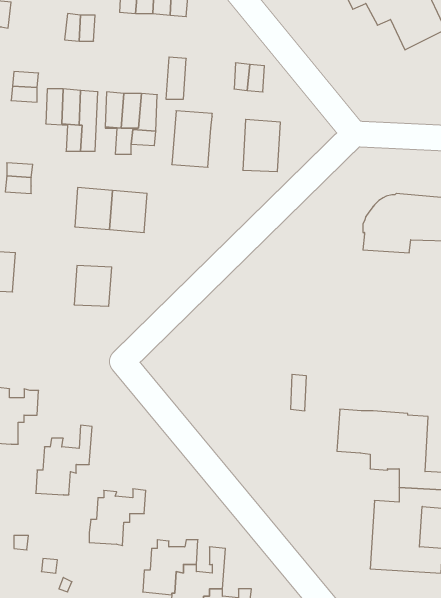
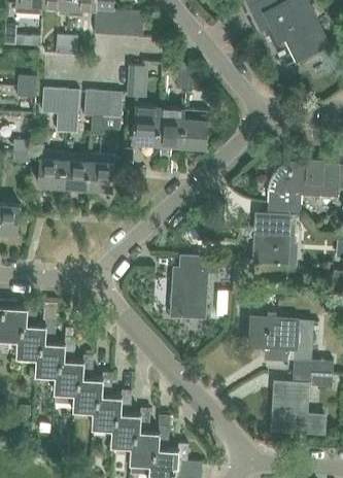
building: none -> [158,108,184,146]
building: none -> [254,203,301,266]
building: [74,266,112,306] -> [38,158,65,186]
building: none -> [172,257,220,317]
building: none -> [16,320,56,360]
building: none -> [54,355,94,404]
building: none -> [92,390,131,431]

